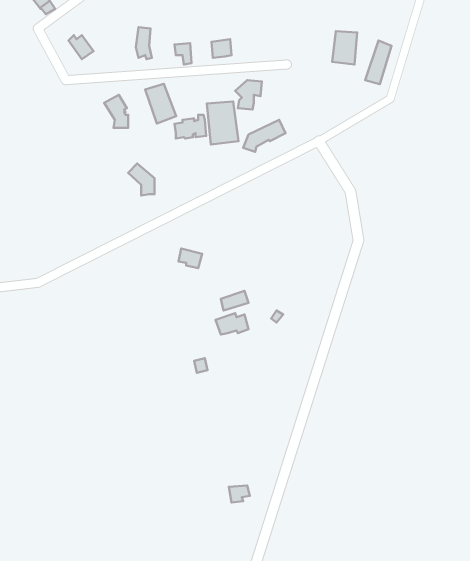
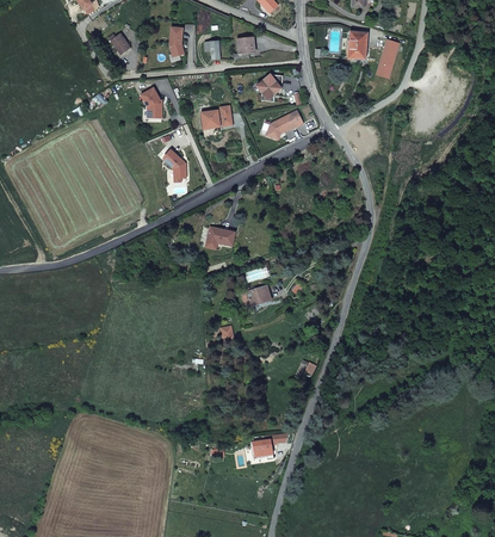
building: [145,84,176,123] -> none
building: [207,102,239,145] -> none

